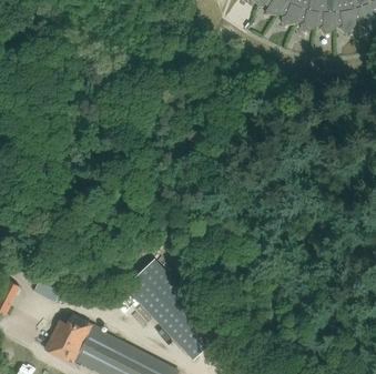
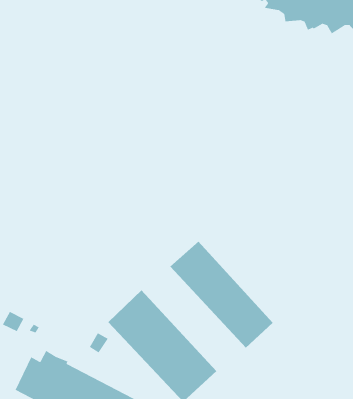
building: none -> [169,241,274,349]

